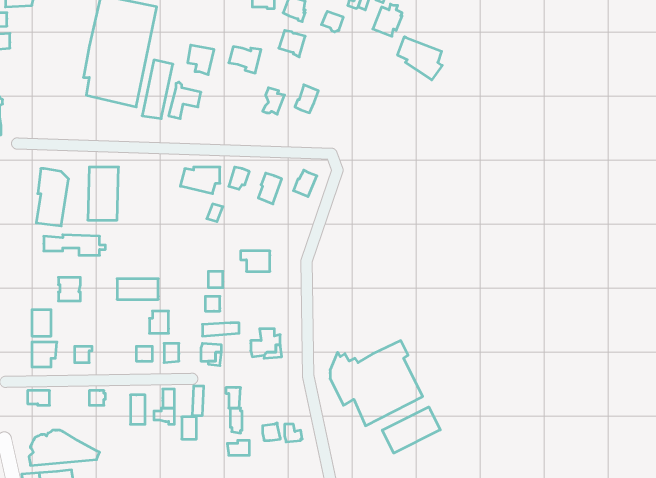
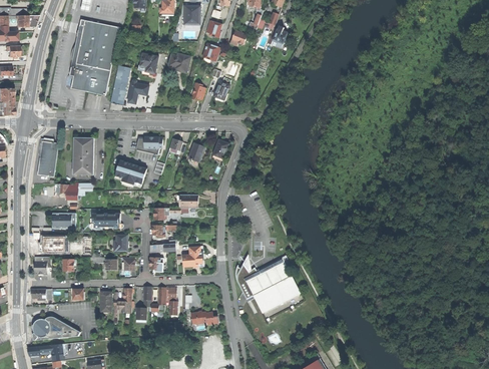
building: [398,37,442,80] -> none
building: none -> [115,159,147,184]
building: [382,407,440,453] -> none

